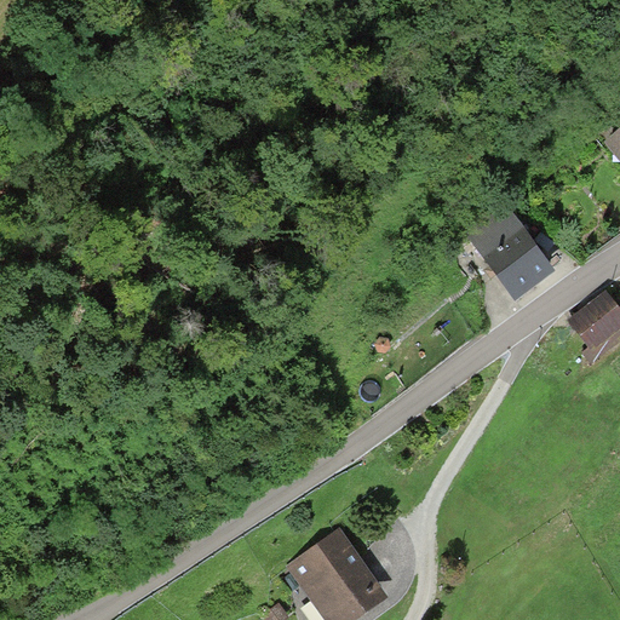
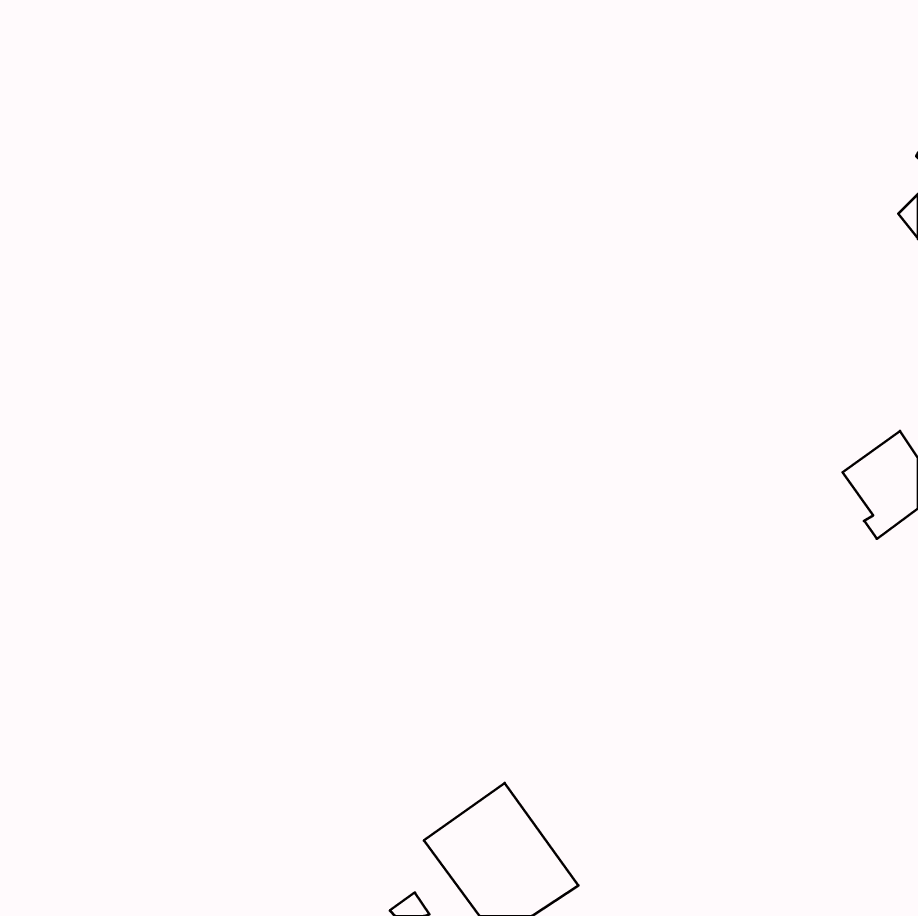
building: [460,197,557,303] -> none

